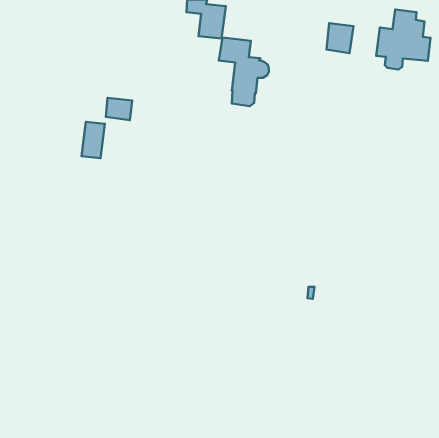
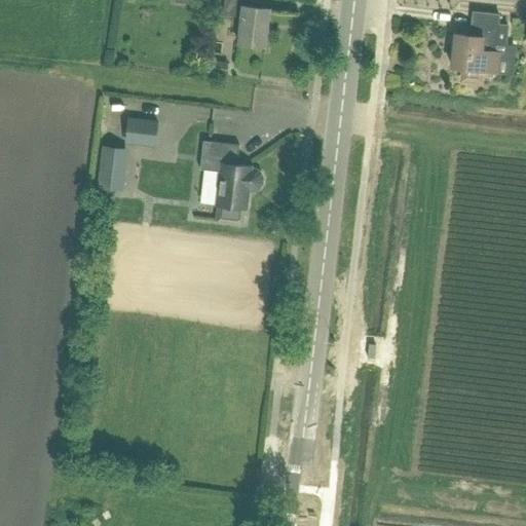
building: [327,23,353,53] -> none
building: [219,37,269,106] -> [200,141,260,223]

